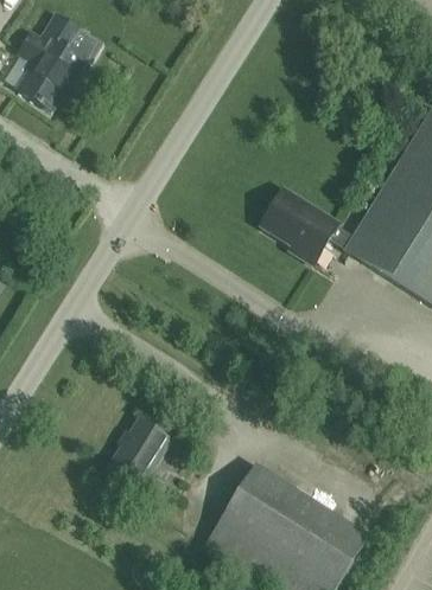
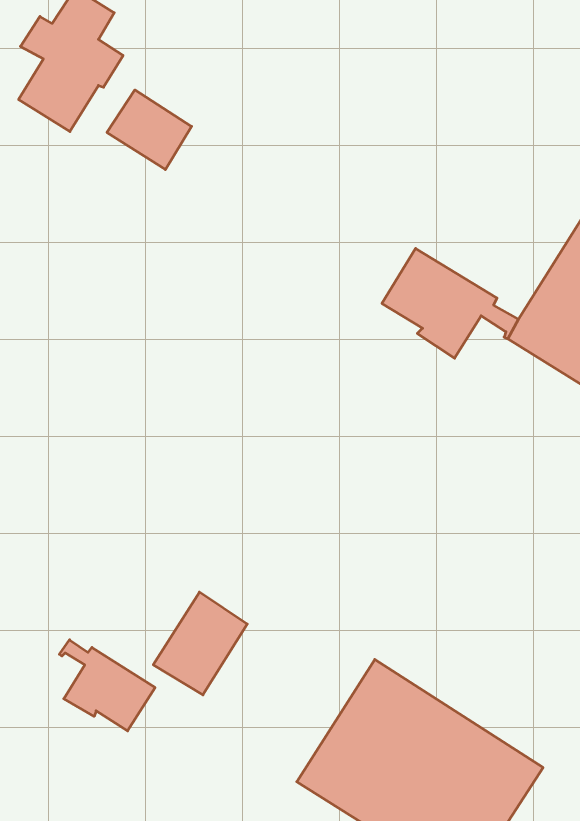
building: none -> [107,90,192,170]
building: none -> [59,640,155,731]

